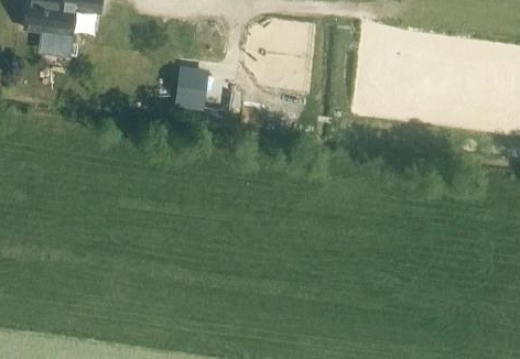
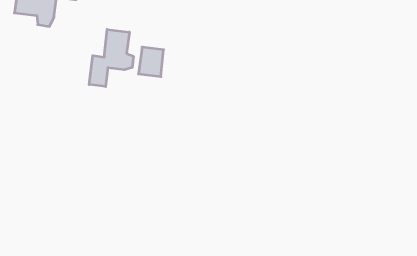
building: none -> [89,29,133,87]

